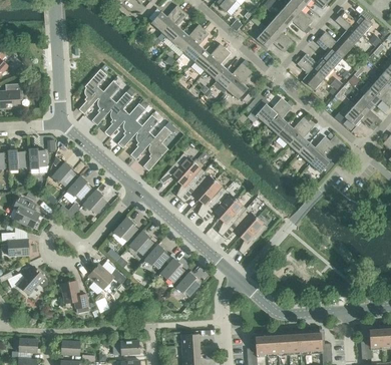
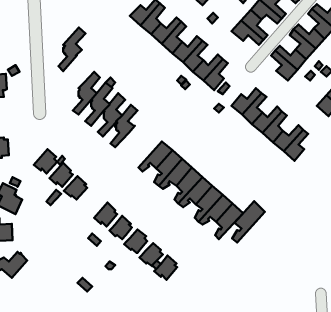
building: [79,68,107,113] -> [58,28,86,71]
building: [143,125,171,170] -> none
building: [29,147,48,171] -> none
building: none -> [232,201,265,242]
building: [88,263,126,289] -> none
building: [61,280,89,313] -> none

